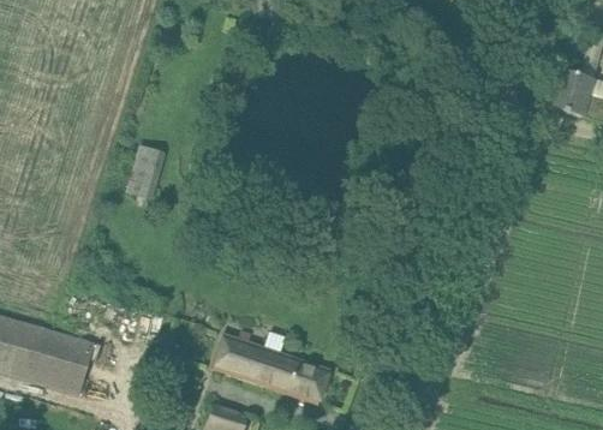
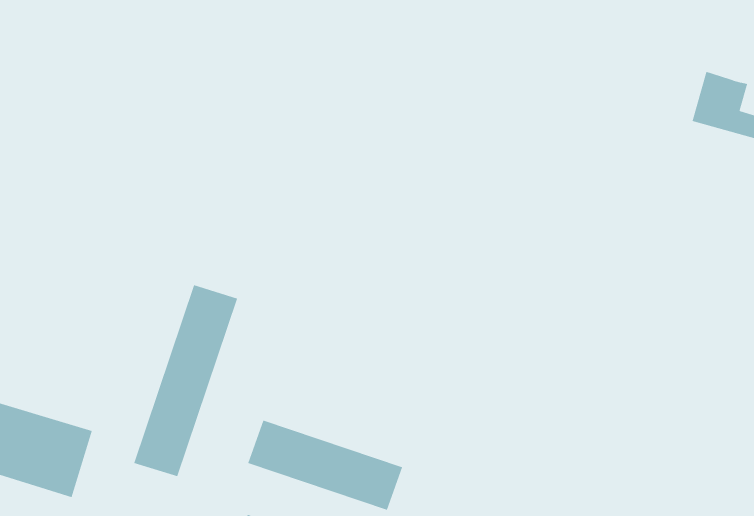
building: [125,145,165,202] -> none
building: none -> [133,284,238,477]

